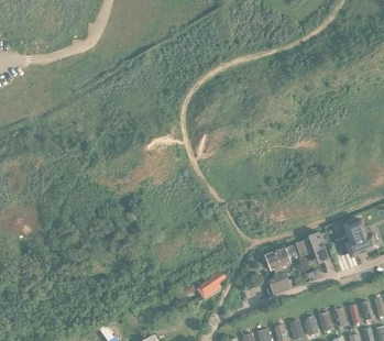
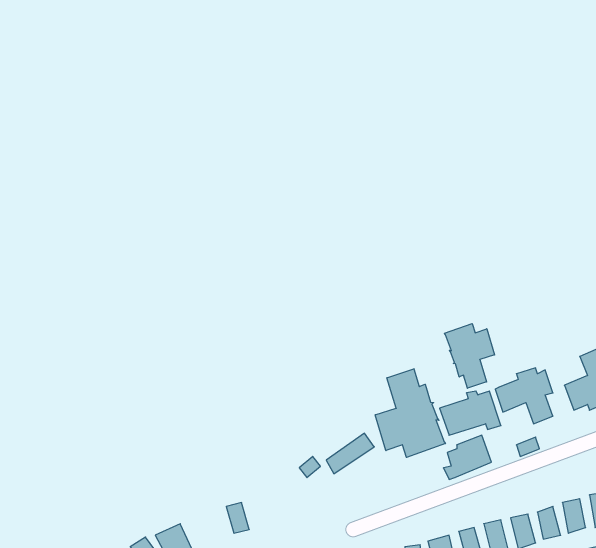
building: none -> [444,324,495,388]
building: none -> [375,369,445,457]

